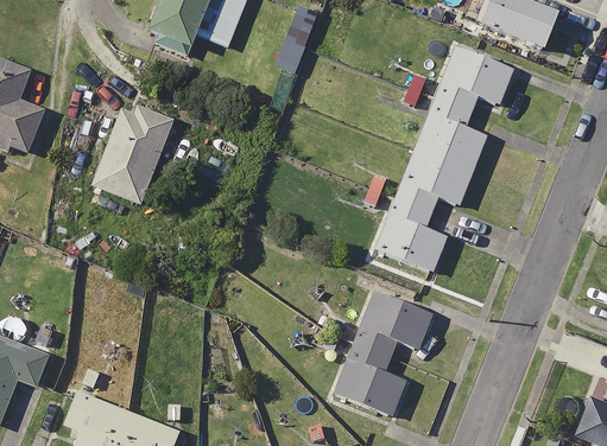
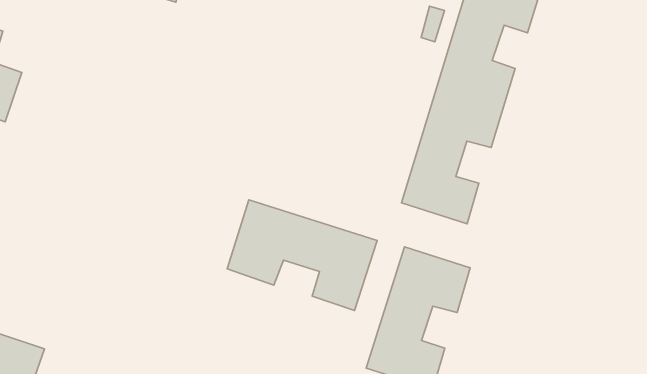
building: [91,102,172,205] -> none
building: none -> [227,200,377,311]

